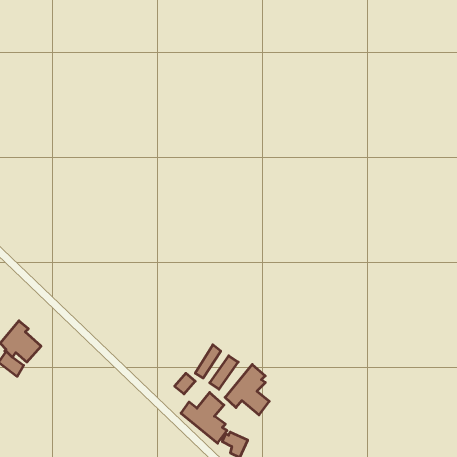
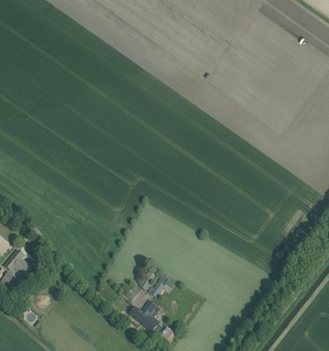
building: [225,364,269,415] -> none

